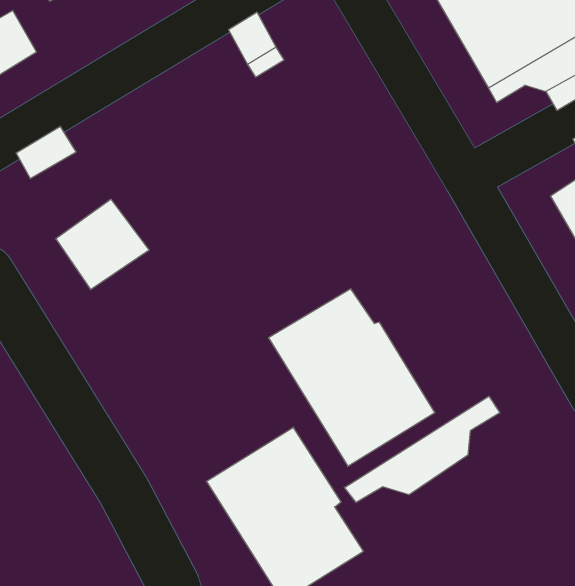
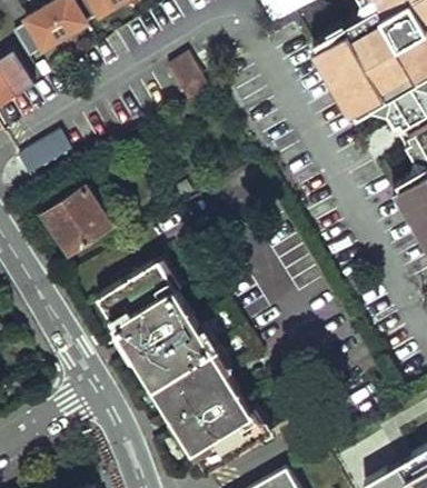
building: [268,289,435,466] -> [95,262,211,387]
building: [344,396,500,502] -> none

